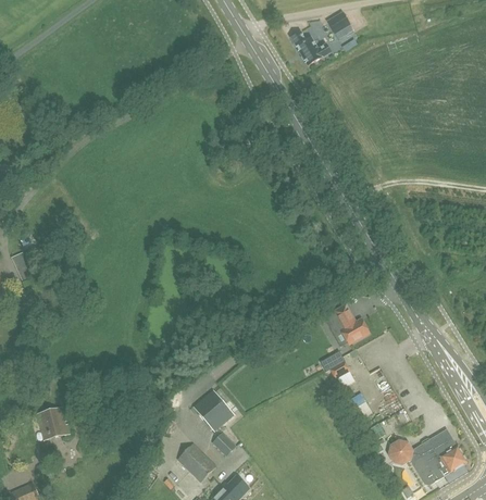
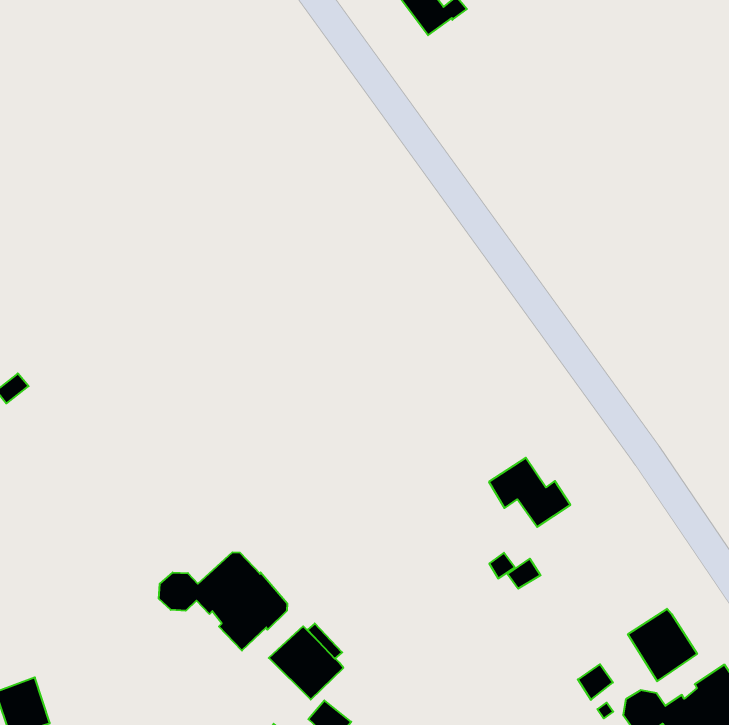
building: none -> [159,552,287,651]
building: none -> [628,609,697,681]

